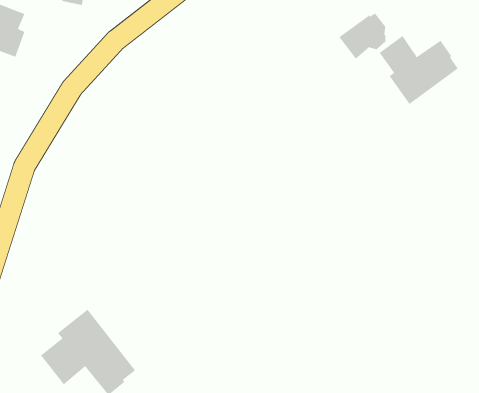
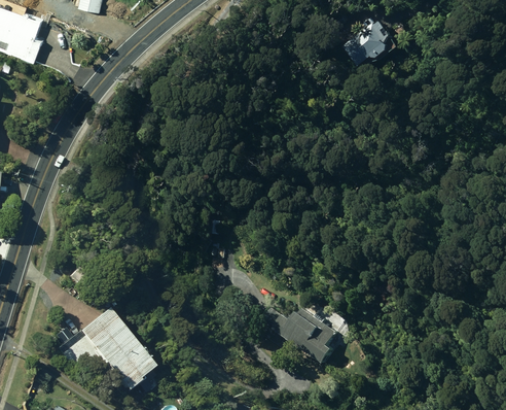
building: [379,35,459,105] -> none
building: none -> [253,304,338,362]

